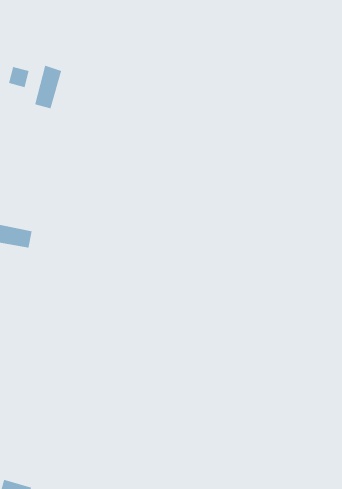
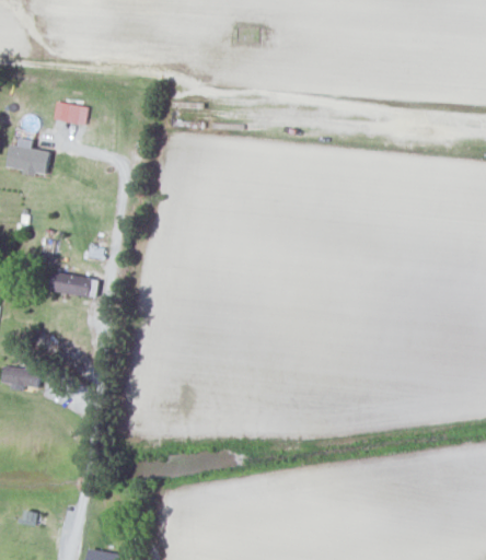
building: [34,65,62,109] -> none

